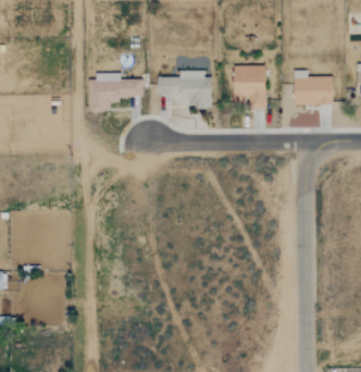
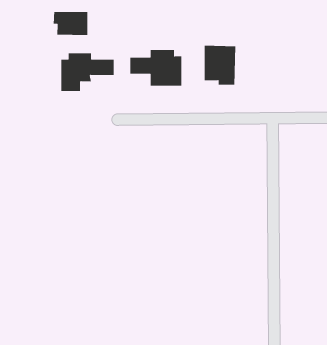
building: none -> [53,11,88,36]
building: [294,70,332,104] -> none

